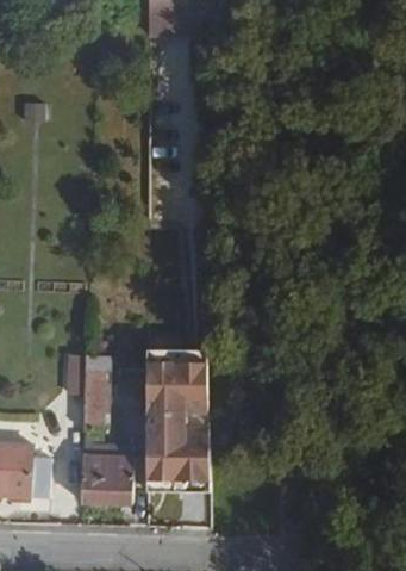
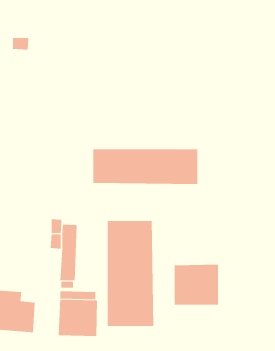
building: none -> [93,149,198,185]
building: none -> [174,264,218,305]

